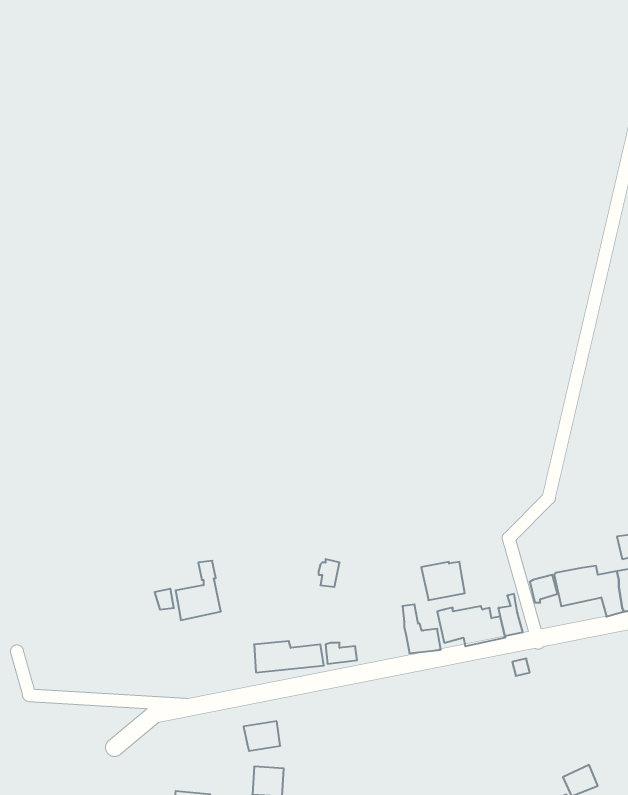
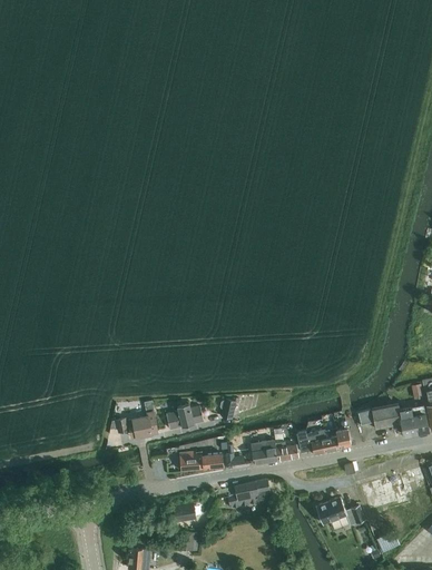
building: [421,562,465,600] -> [251,439,278,463]
building: none -> [165,403,203,429]
building: none -> [228,479,269,507]
building: none -> [315,497,364,524]

